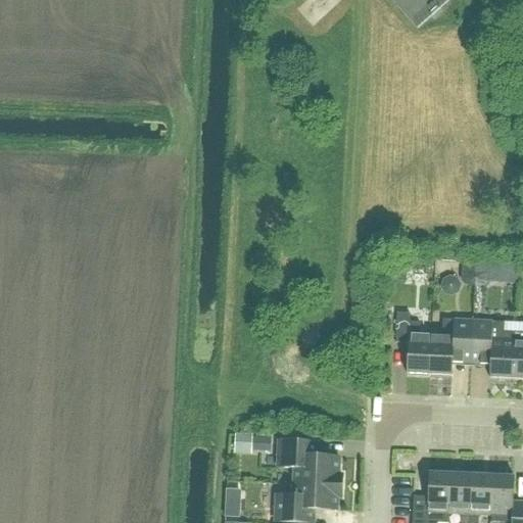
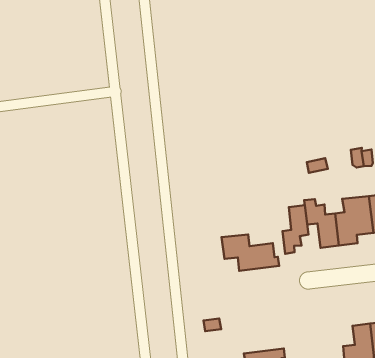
building: none -> [283,205,309,254]
building: [278,438,342,484] -> [222,234,279,271]

